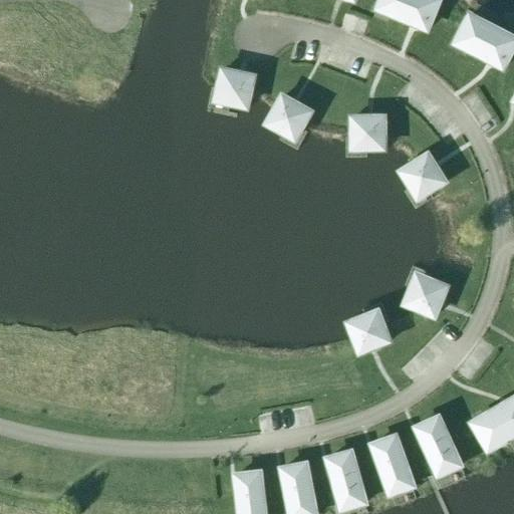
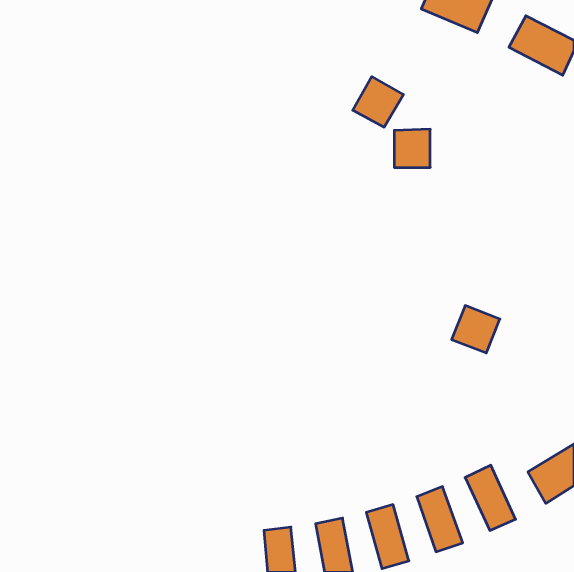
building: [216,68,254,108] -> none
building: [266,94,311,140] -> [353,77,403,127]
building: [400,154,446,199] -> none
building: [348,310,391,353] -> none

